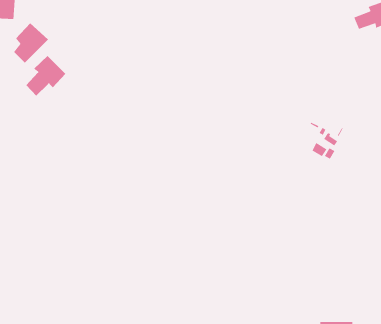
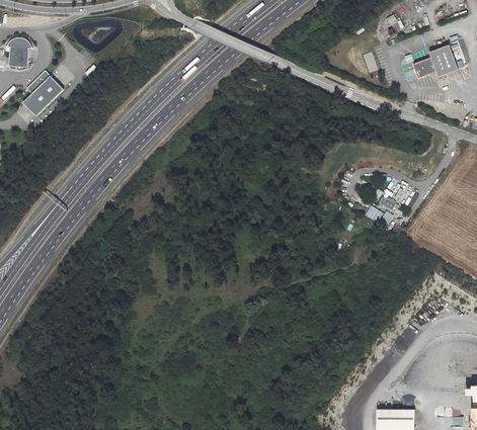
building: [26,55,66,97] -> none

